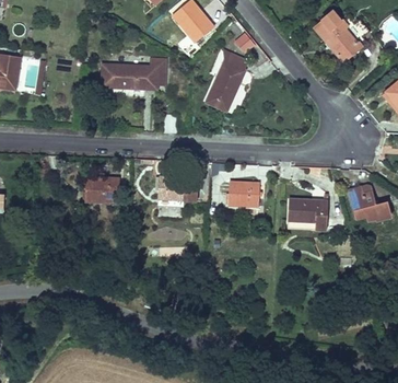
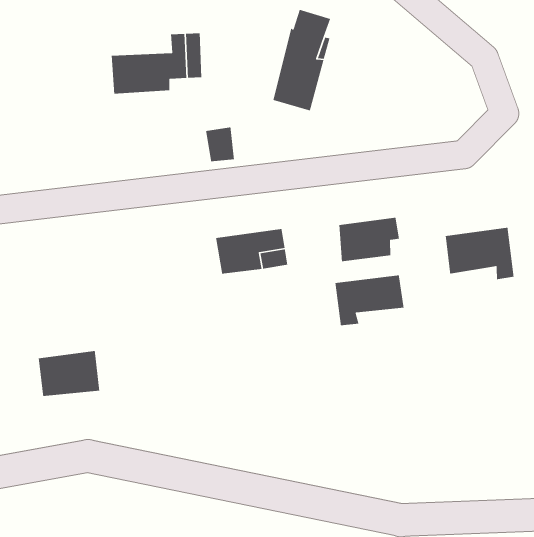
building: [80,178,115,204] -> [38,350,100,397]
building: none -> [334,274,404,326]

